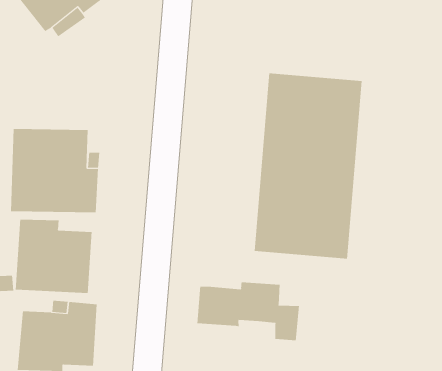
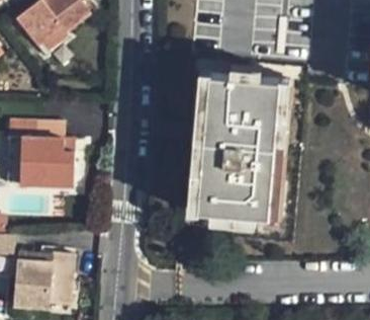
building: [15,219,92,294] -> none
building: [197,282,300,341] -> none

